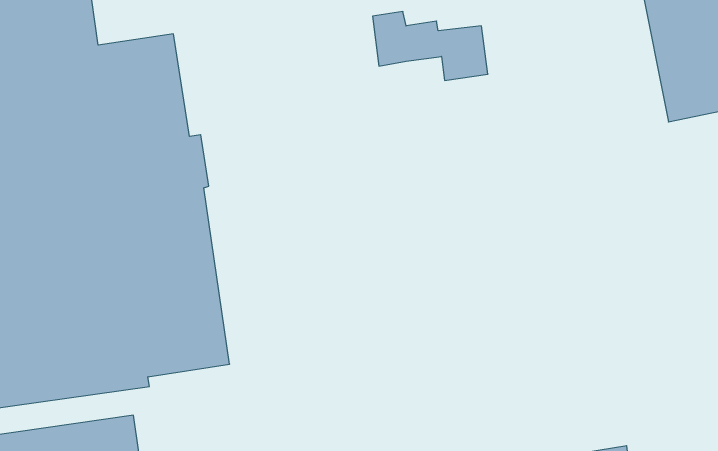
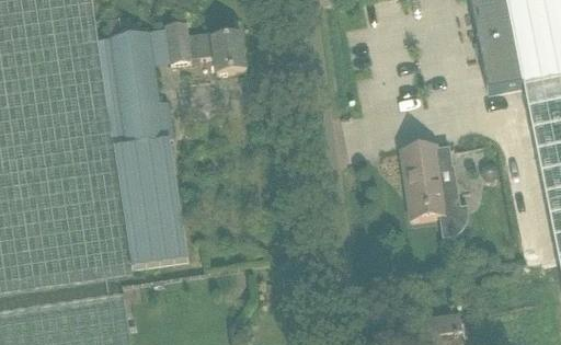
building: [373,12,488,80] -> [167,26,245,73]
building: none -> [401,147,469,238]

